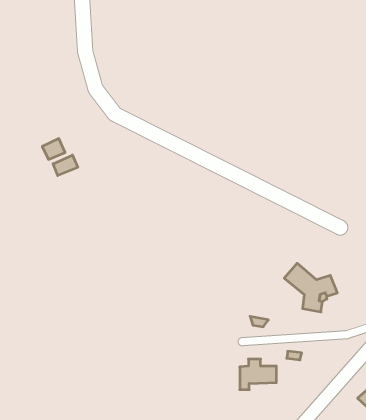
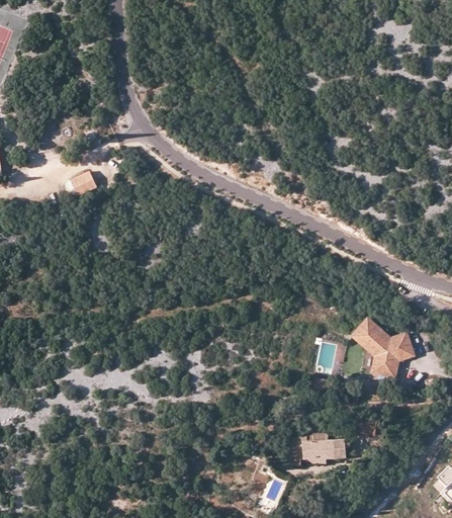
building: [53,155,78,176] -> none

